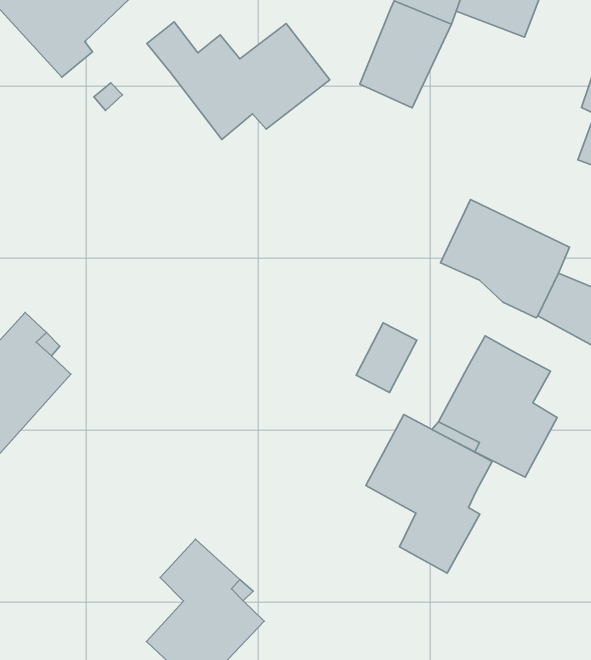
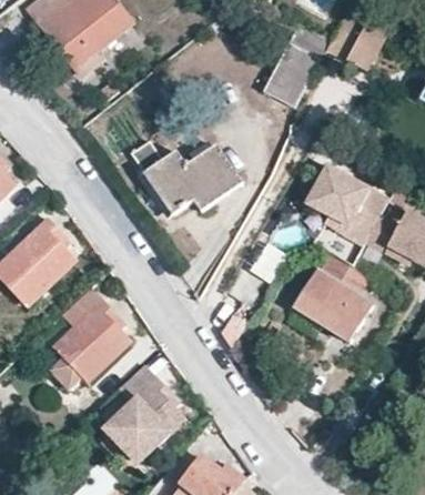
building: [147,22,330,139] -> [131,140,242,214]
building: [366,415,492,573] -> none
building: none -> [52,301,129,386]

